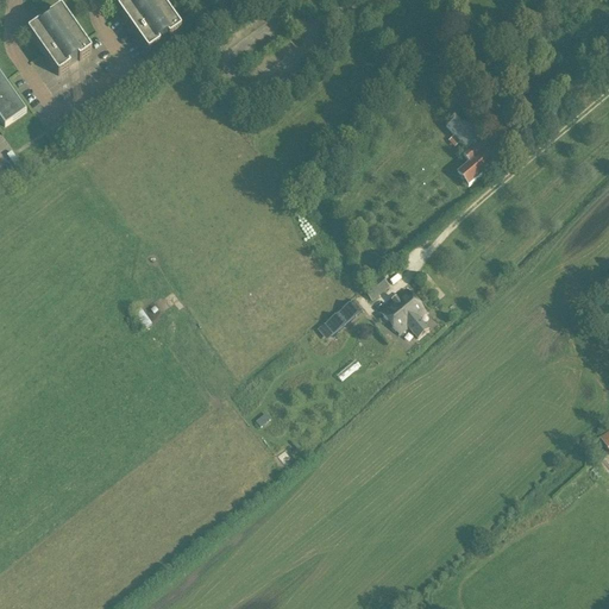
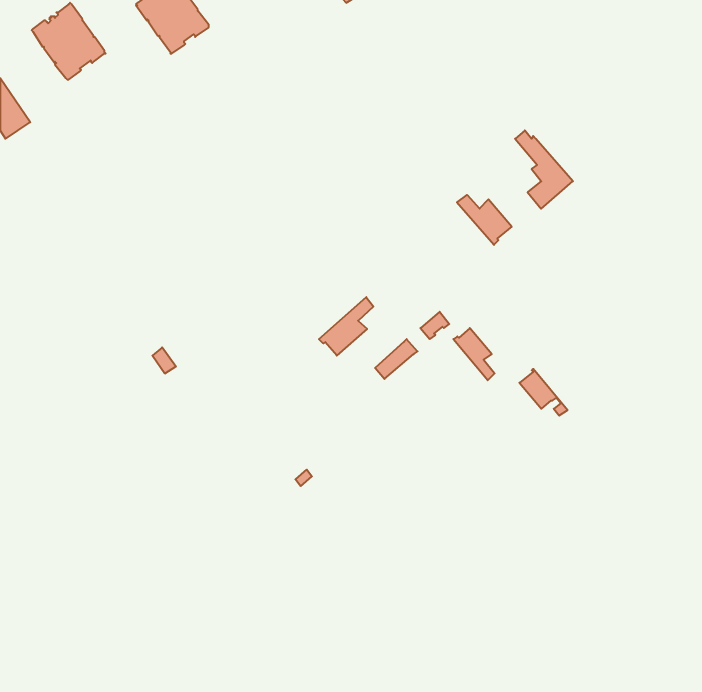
building: none -> [457,195,512,245]
building: none -> [319,297,373,356]
building: [381,294,422,334] -> [519,369,568,416]

